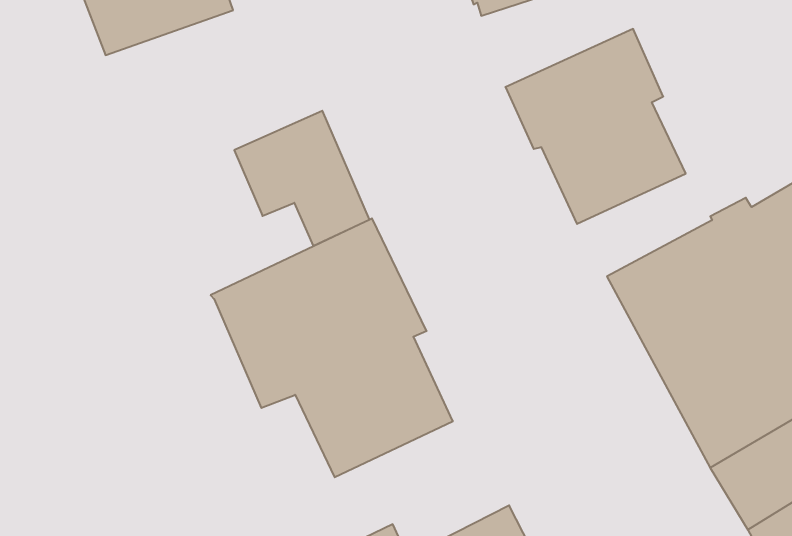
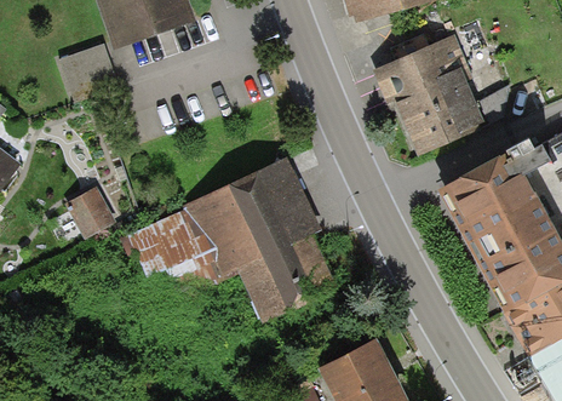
building: none -> [59,41,119,99]
building: [234,111,369,246] -> [128,207,216,294]
building: none -> [65,185,117,237]

